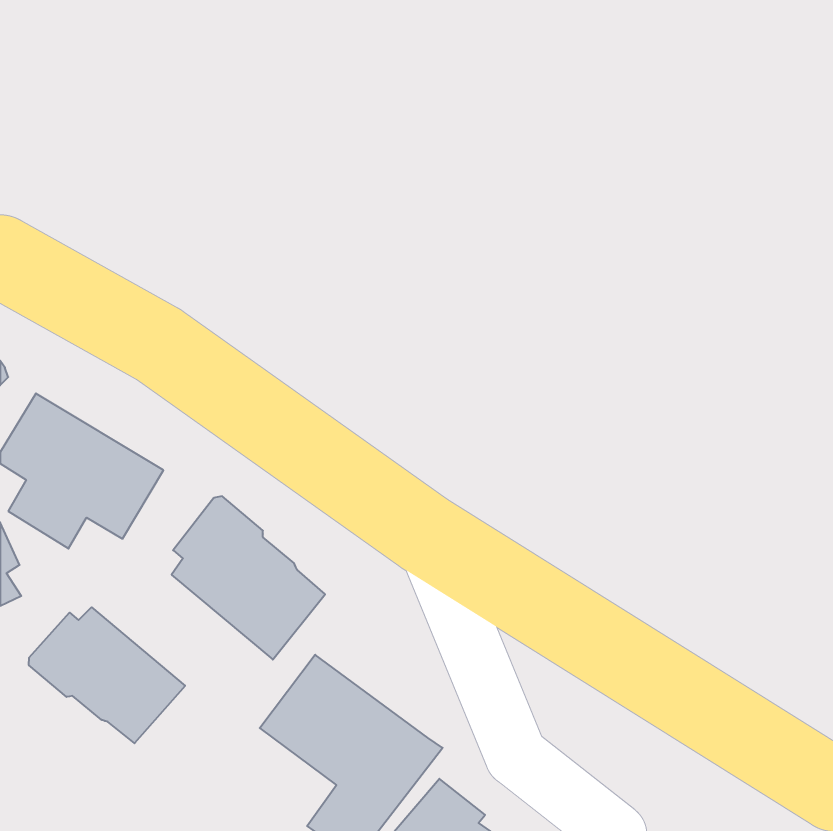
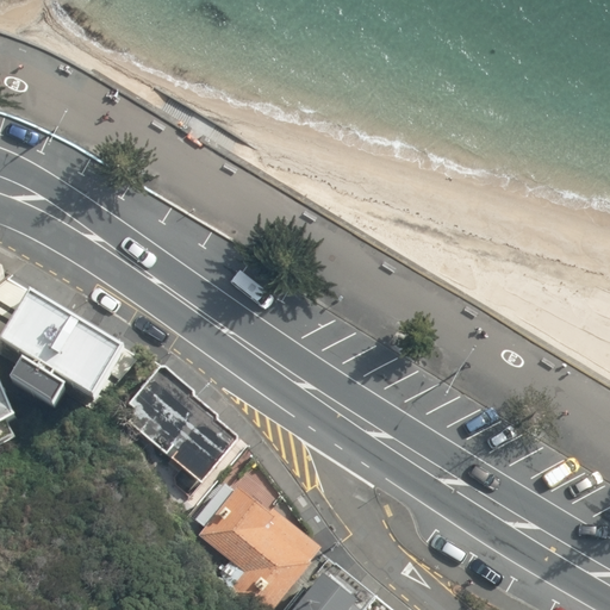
building: [29,607,185,743] -> none

